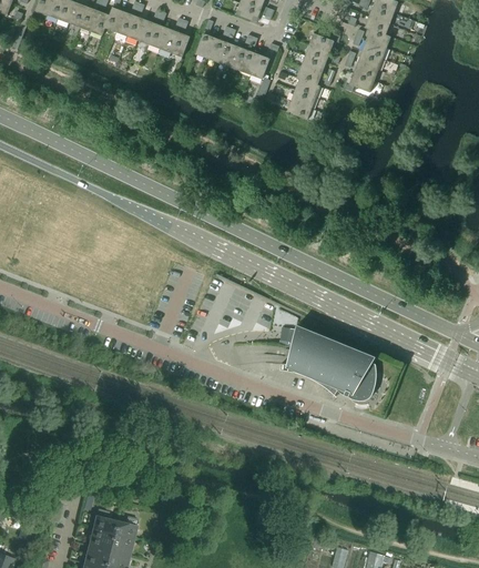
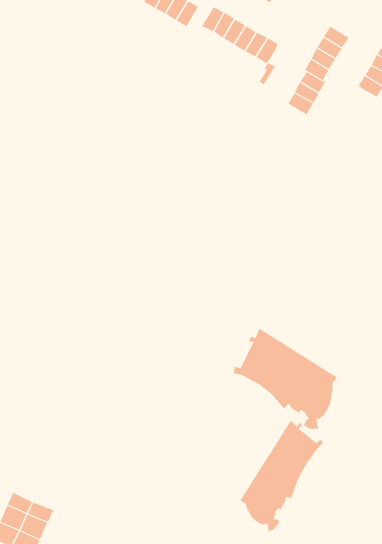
building: none -> [240,420,324,533]

